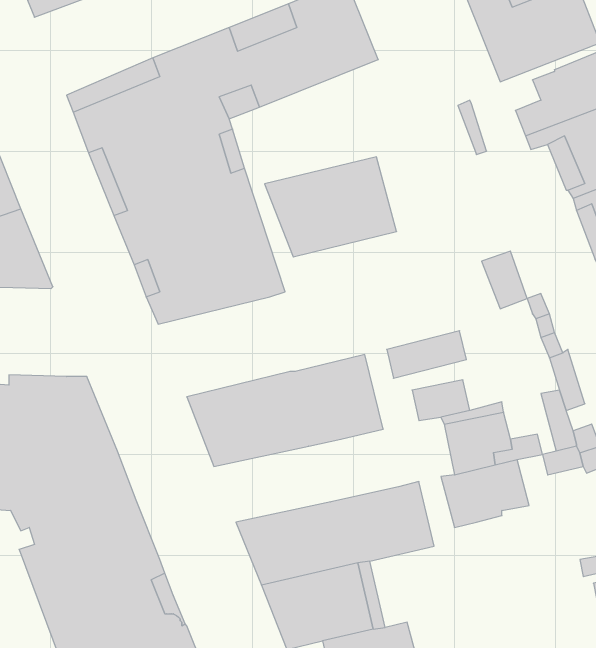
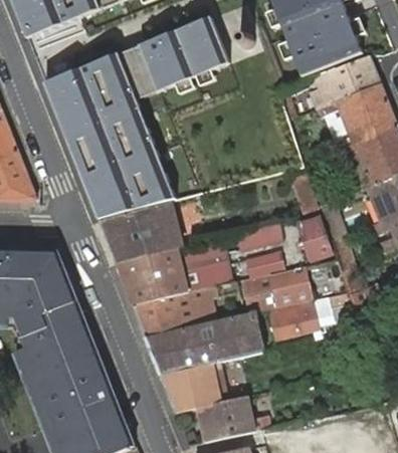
building: [265,157,397,257] -> [99,204,178,263]
building: none -> [298,217,332,263]
building: none -> [133,288,210,337]

